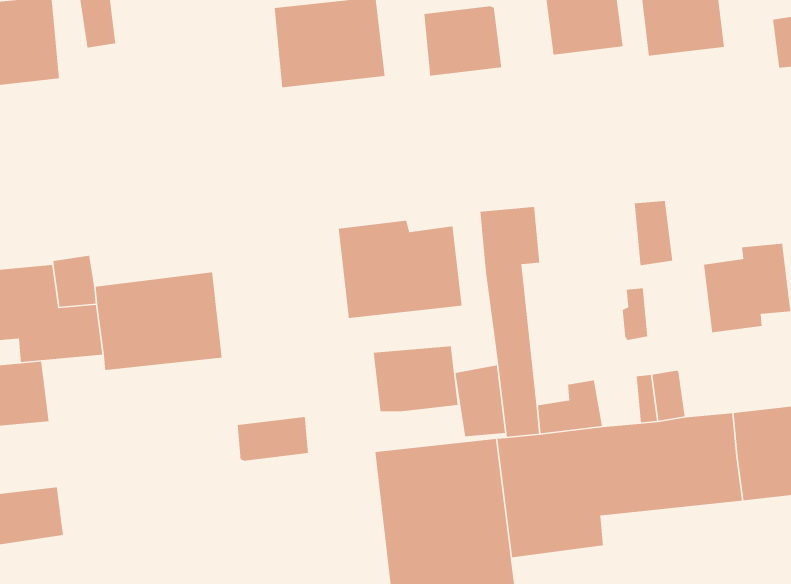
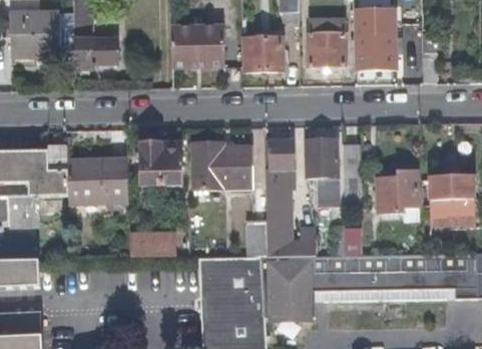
building: none -> [74,39,116,69]
building: none -> [307,140,338,178]
building: none -> [140,143,179,185]
building: [373,345,458,412] -> none

